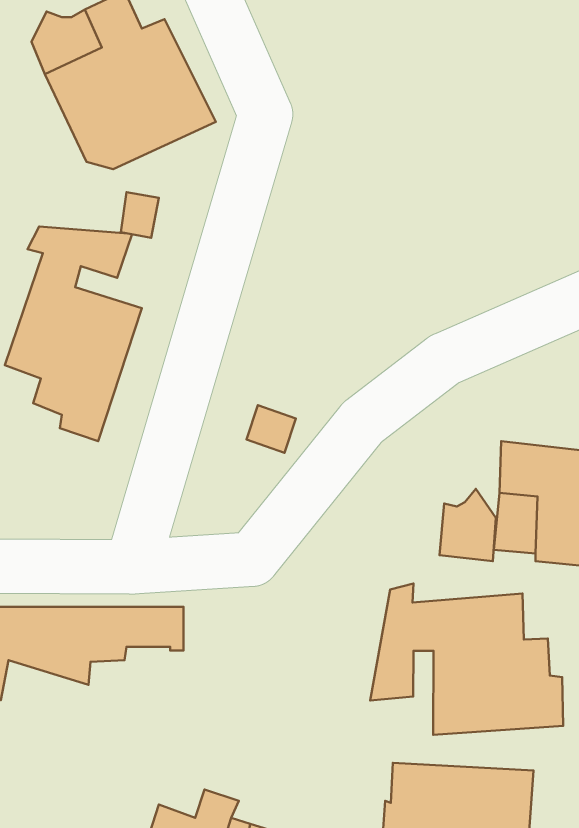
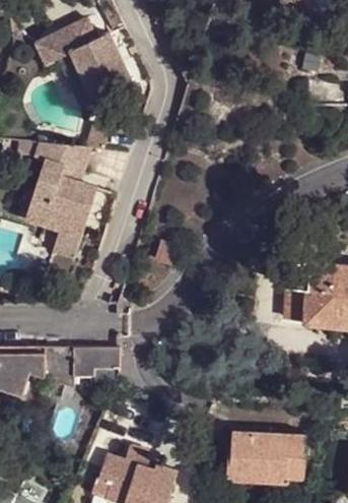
building: [439,489,496,561] -> none
building: [370,584,563,735] -> none

